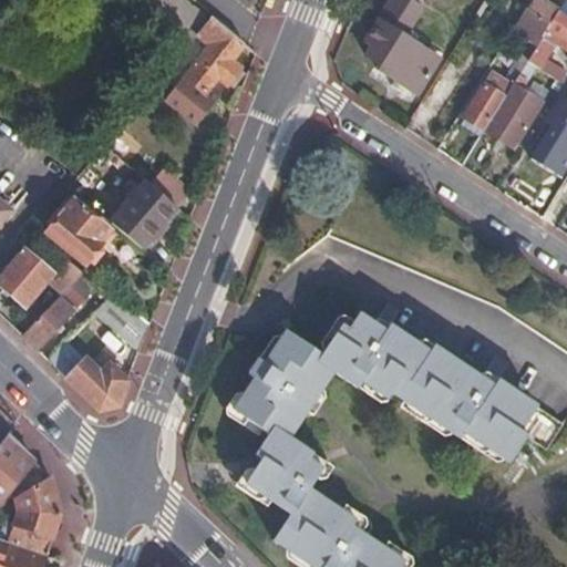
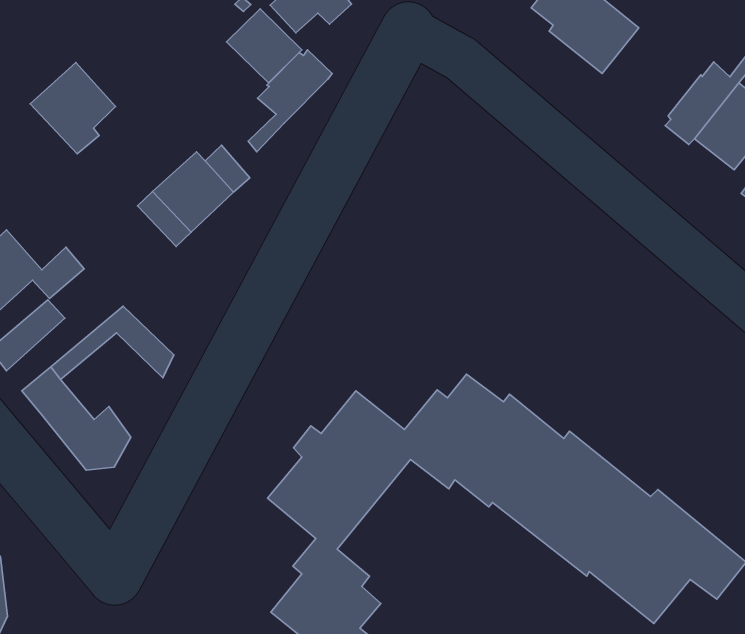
building: none -> [248,50,332,152]
building: [48,199,106,261] -> [30,63,116,154]

